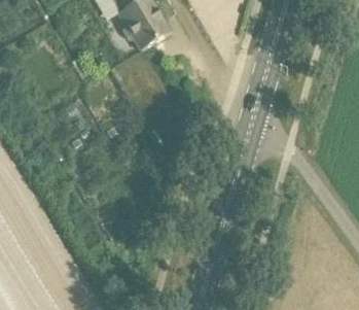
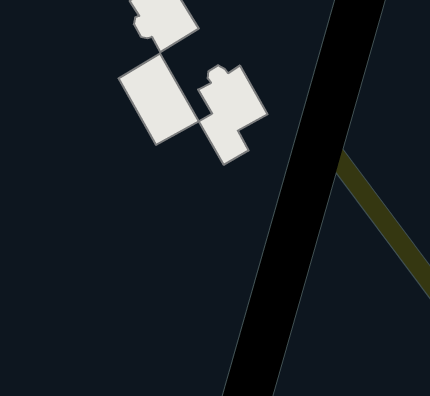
building: none -> [198,65,268,165]

